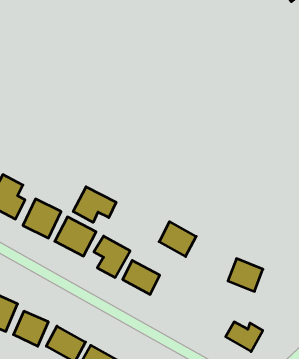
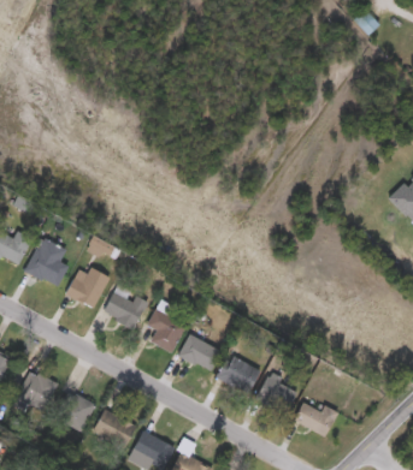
building: [73,187,116,222] -> none
building: [159,222,196,257] -> [218,355,260,394]
building: [228,259,263,291] -> [256,377,296,415]

